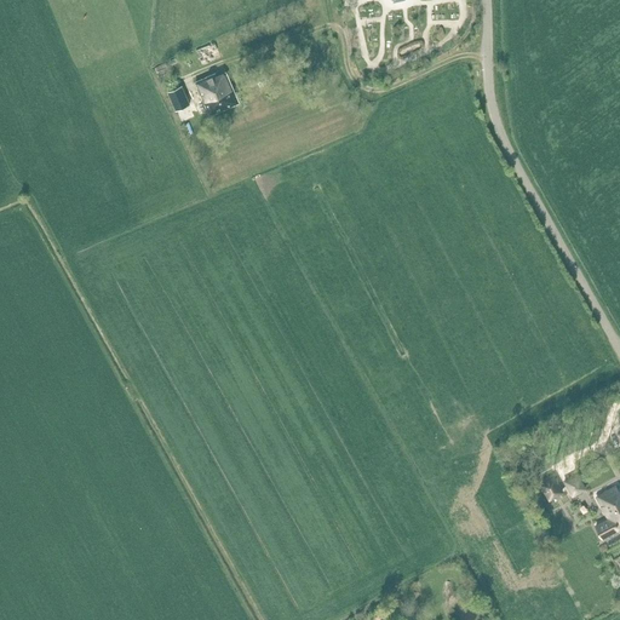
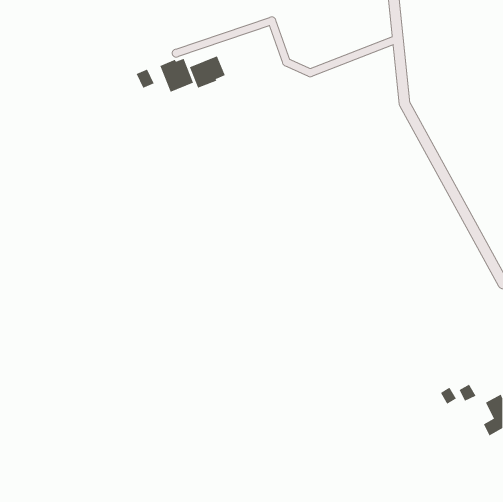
building: none -> [189,55,226,88]

